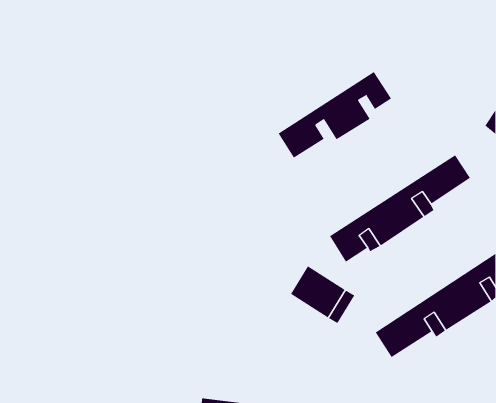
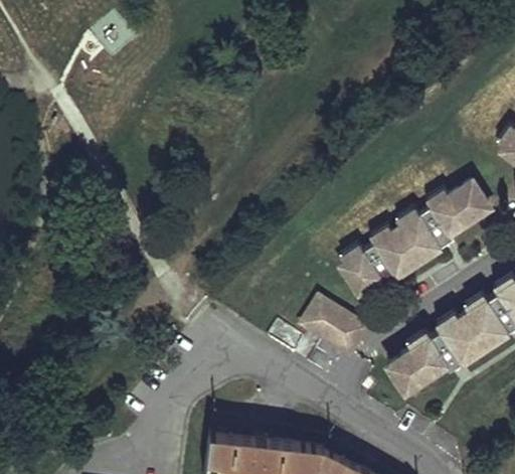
building: [278,71,392,158] -> none

